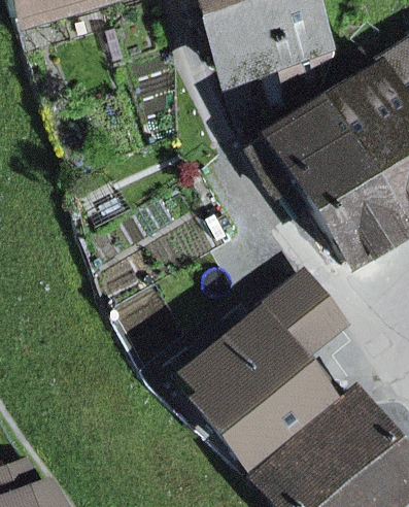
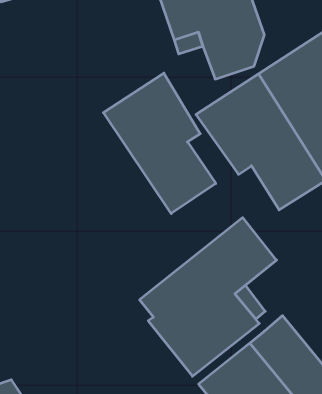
building: none -> [103,73,216,214]

